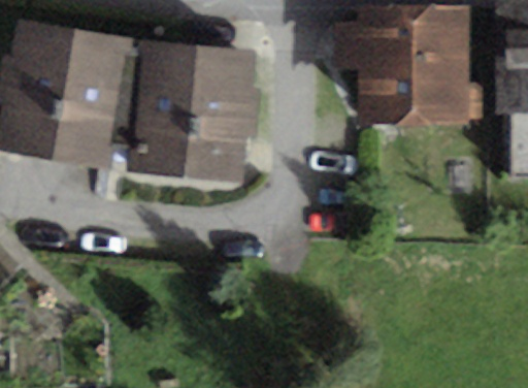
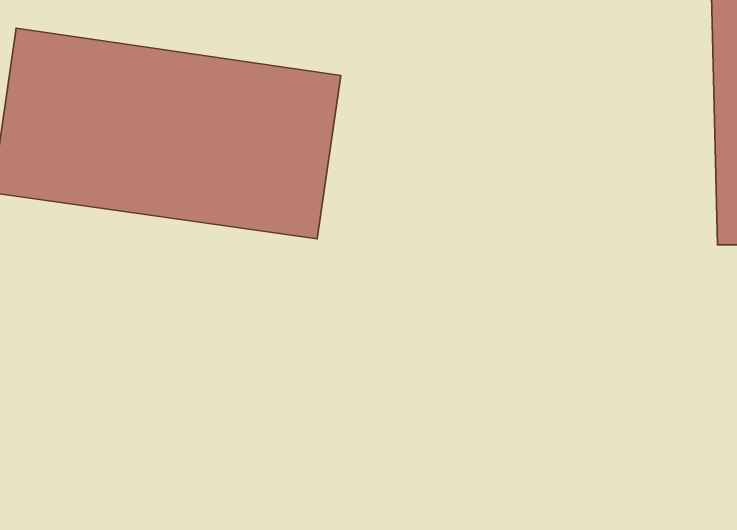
building: [365,12,463,118] -> none

